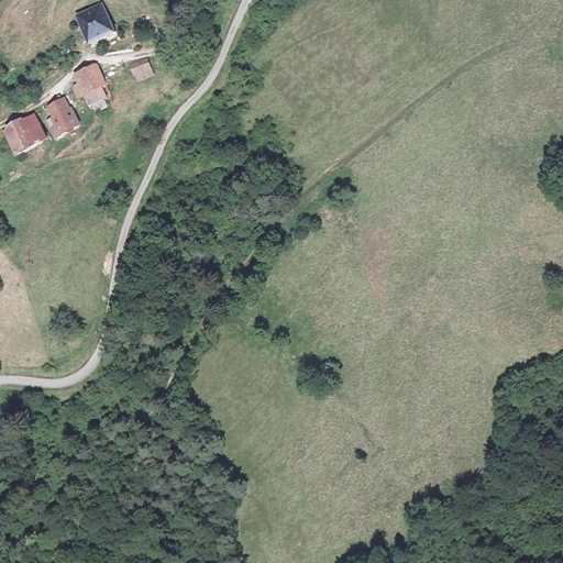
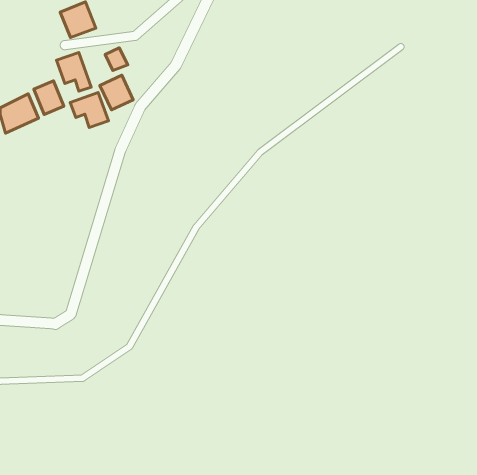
building: none -> [100,75,133,110]
building: none -> [70,93,108,127]

